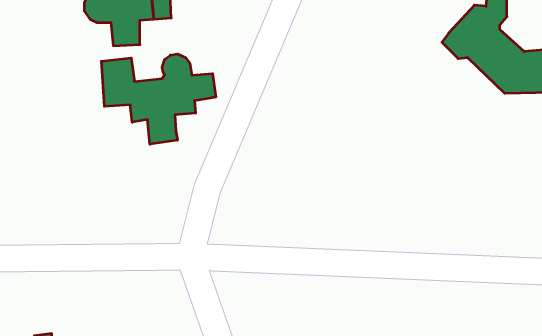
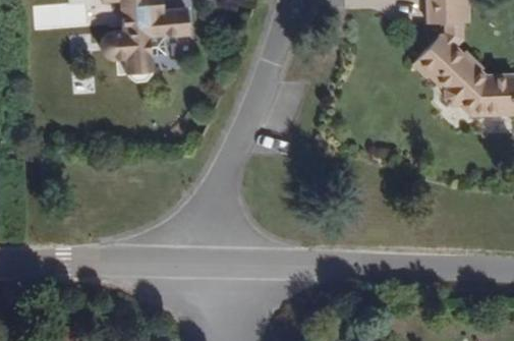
building: [101,54,216,144] -> none

